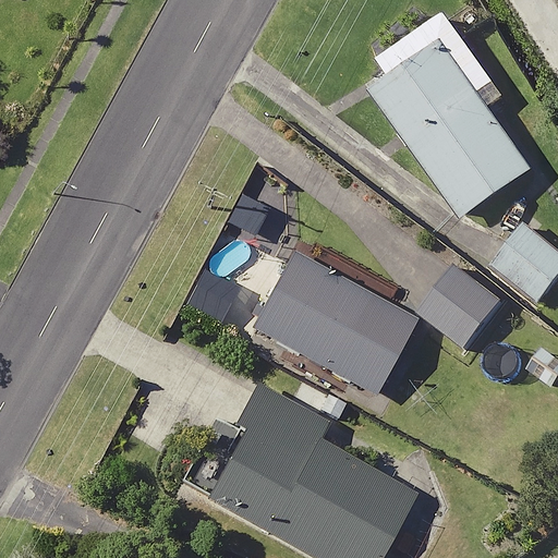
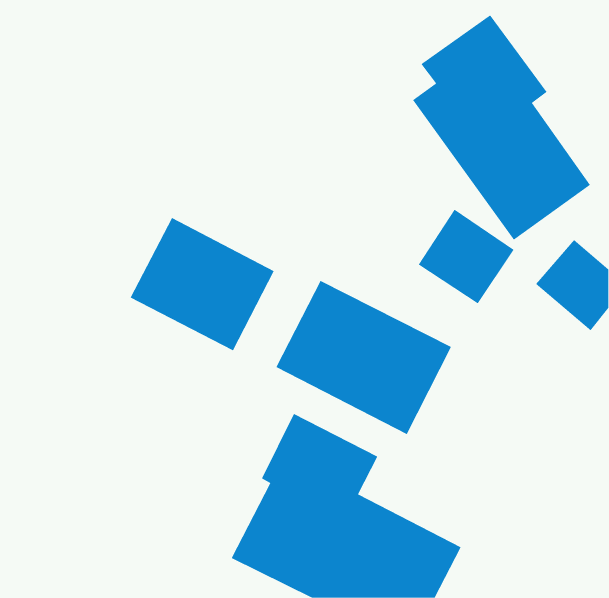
building: none -> [130,217,274,351]
building: [416,264,504,350] -> [418,209,514,304]

